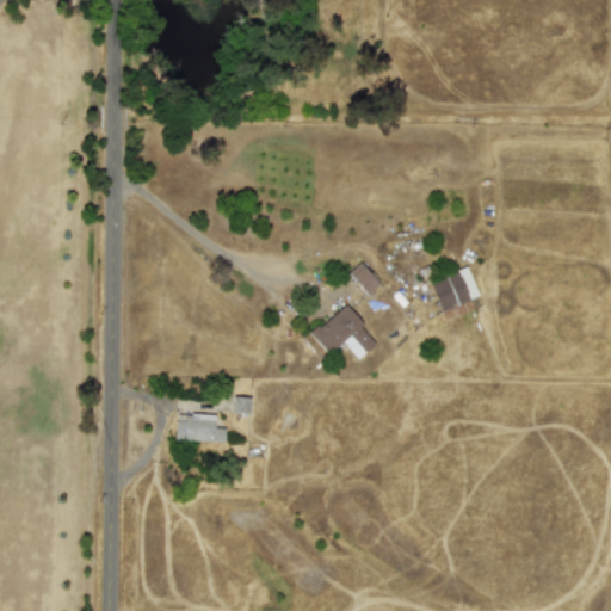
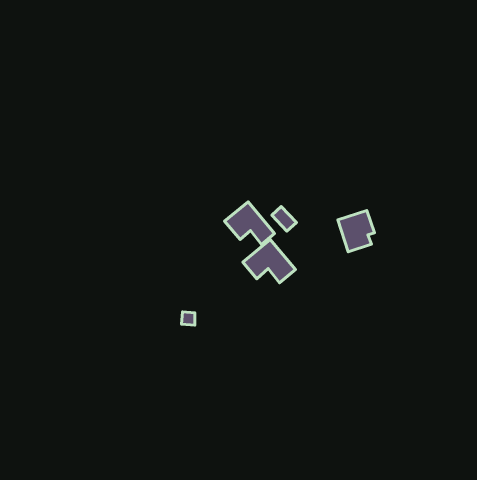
building: none -> [225,202,275,244]
building: [177,413,227,442] -> none

